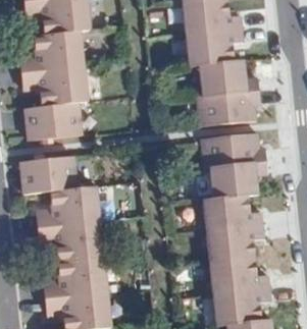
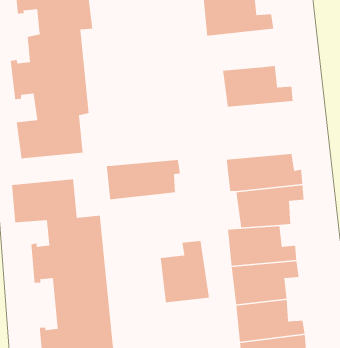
building: [186,30,244,65] -> none
building: [198,91,261,125] -> [106,159,181,200]
building: none -> [160,240,210,303]

